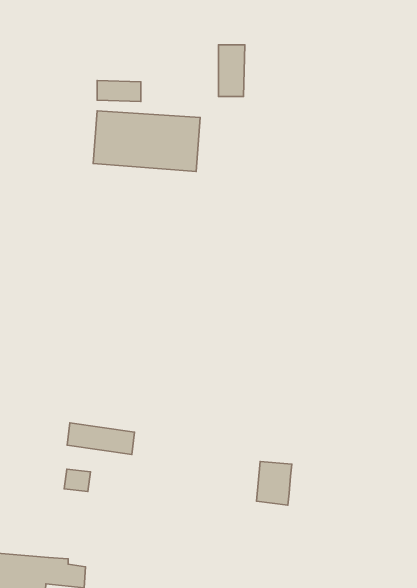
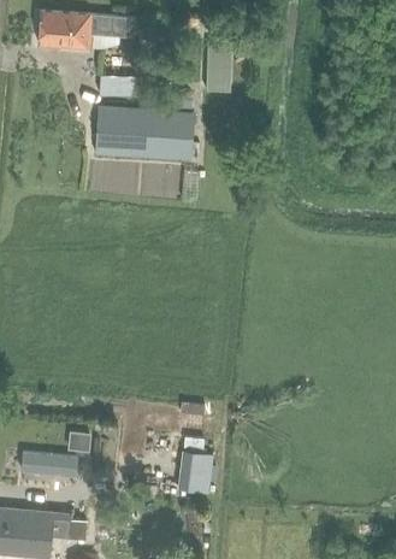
building: none -> [36,12,134,47]
building: [67,423,134,454] -> [25,447,87,476]
building: [256,462,292,505] -> [179,453,212,493]

